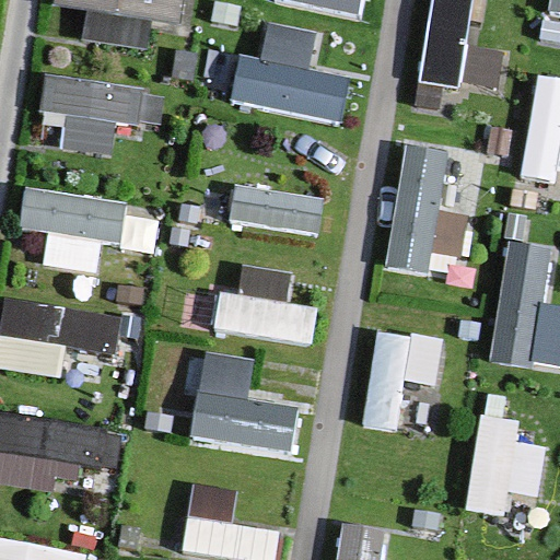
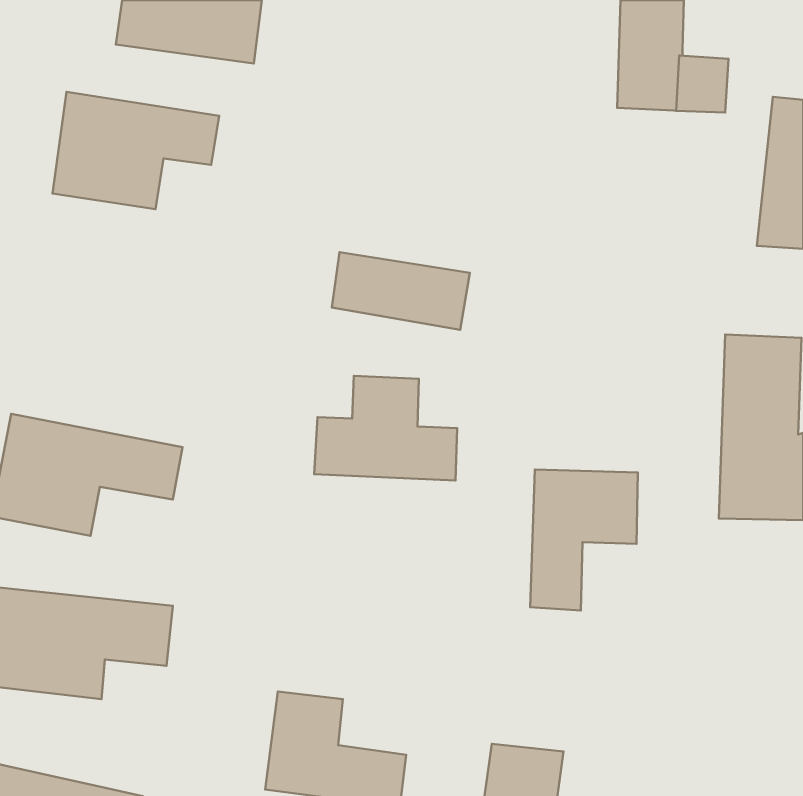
building: [231,25,352,117] -> none
building: [382,142,470,276] -> none
building: [21,189,155,270] -> none
building: [191,353,302,458] -> none
building: [470,430,544,518] -> none

